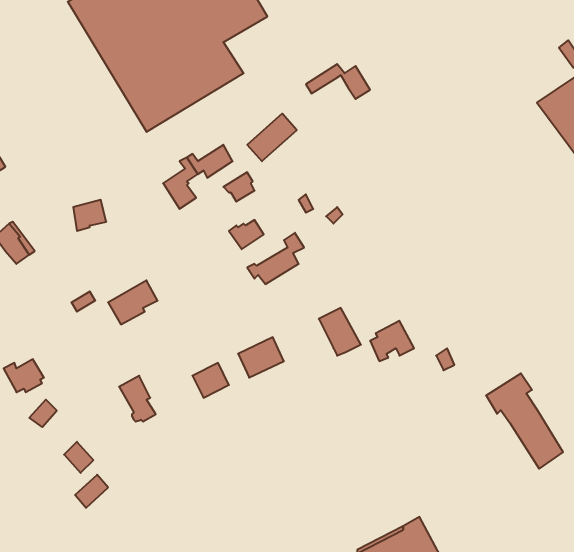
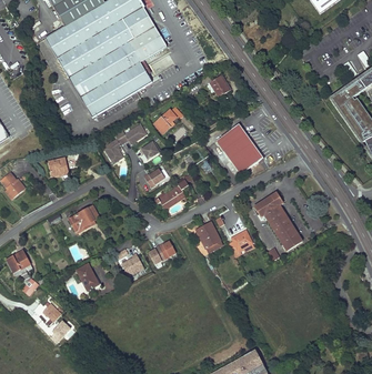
building: none -> [220,130,261,173]
building: [486,373,563,469] -> [254,192,301,250]

